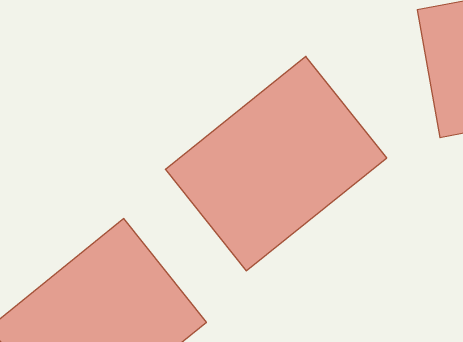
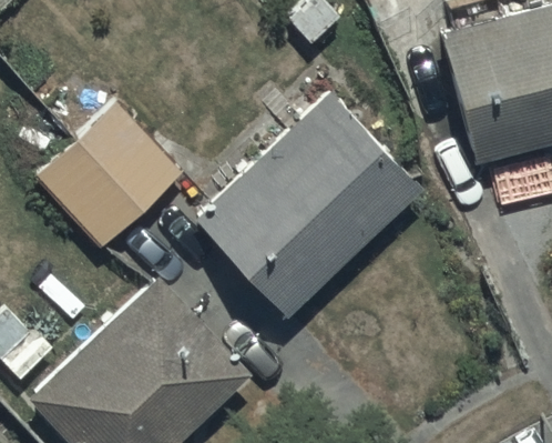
building: none -> [35,100,185,249]

